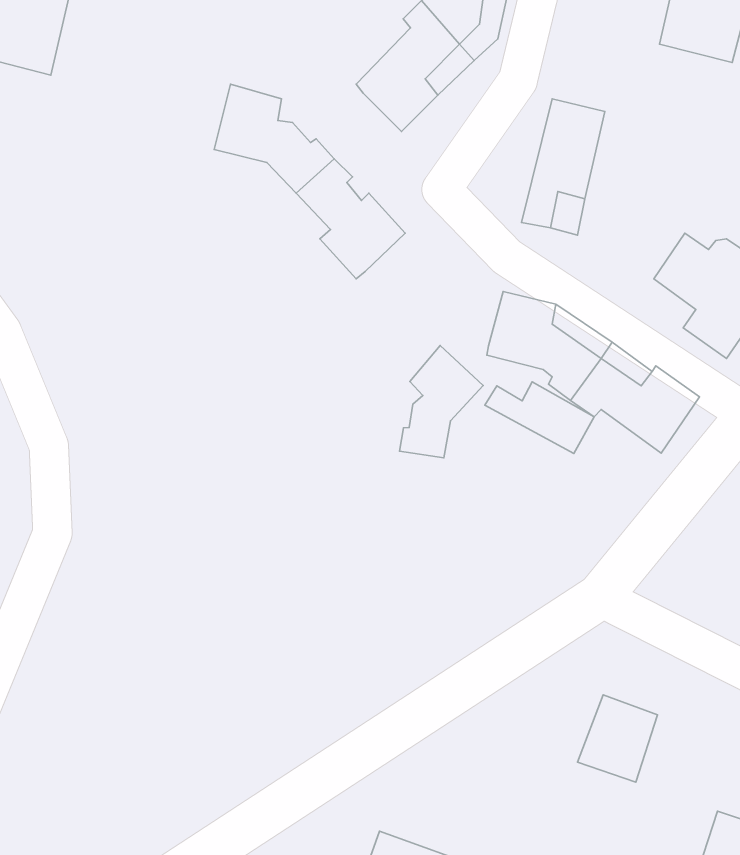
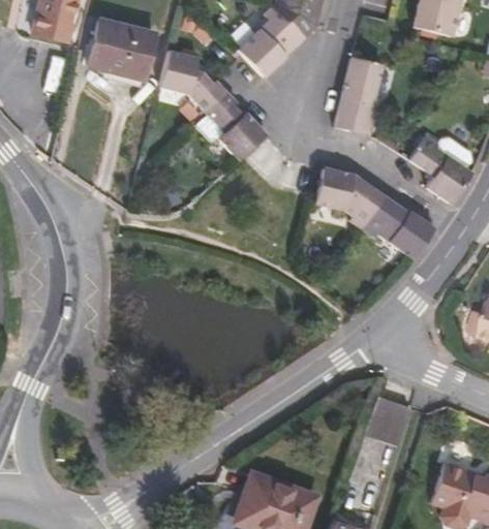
building: none -> [89,20,154,80]
building: [400,346,483,458] -> none
building: [485,382,594,453] -> none

